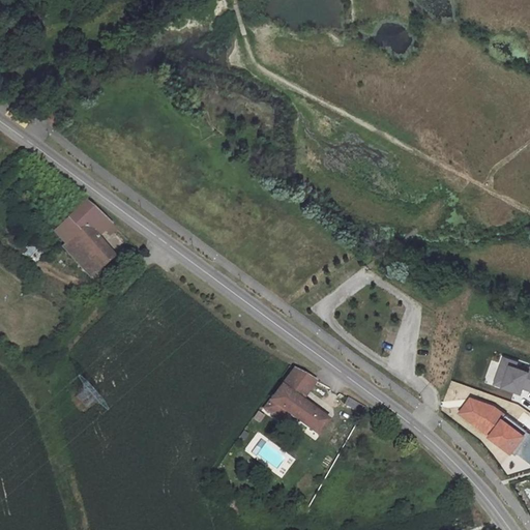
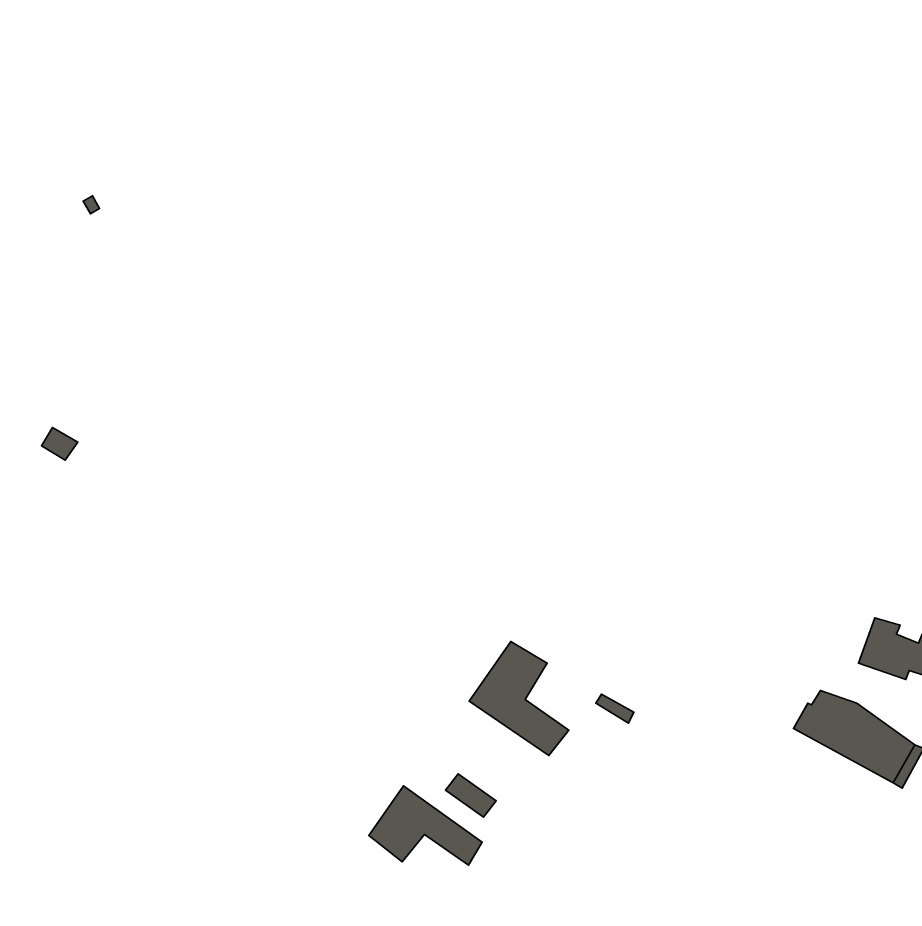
building: [55,205,115,278] -> none
building: none -> [369,786,482,865]

